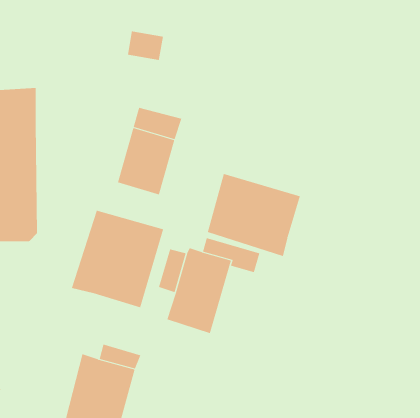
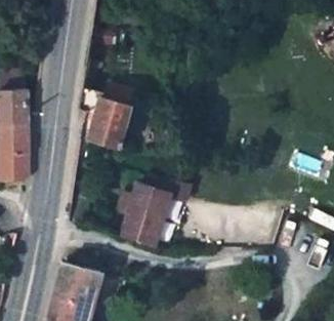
building: [207,173,300,257] -> none
building: [71,210,164,308] -> none

